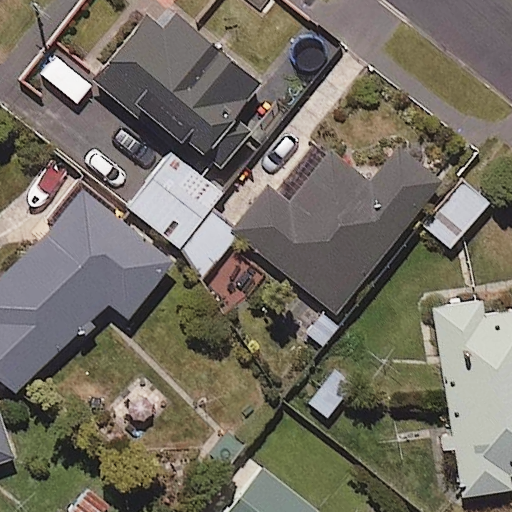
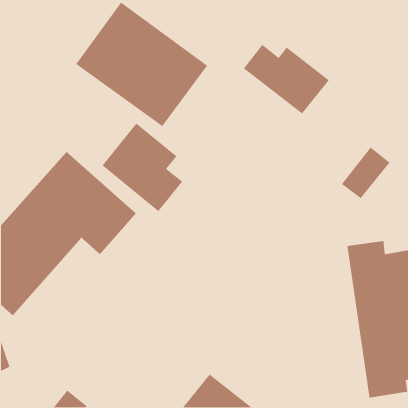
building: none -> [243,44,330,114]
building: [232,143,441,315] -> none

